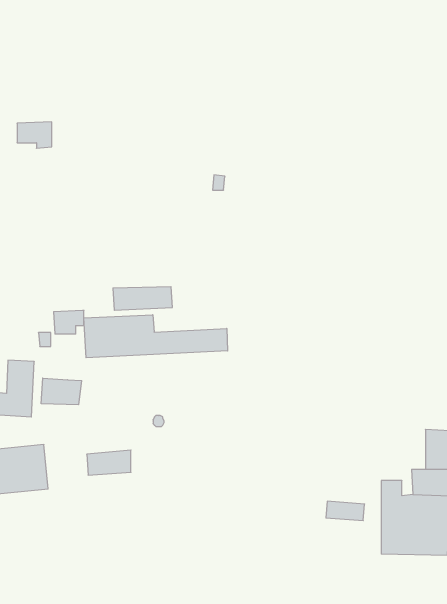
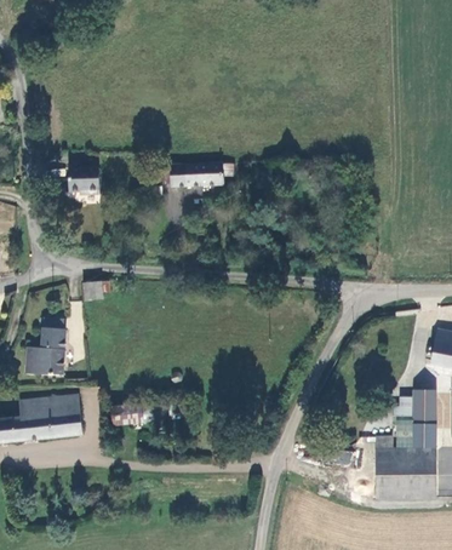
building: [17,122,52,148] -> [65,172,96,195]
building: [113,287,172,310] -> [170,167,222,188]
building: [84,315,228,358] -> none
building: [41,378,82,405] -> none

